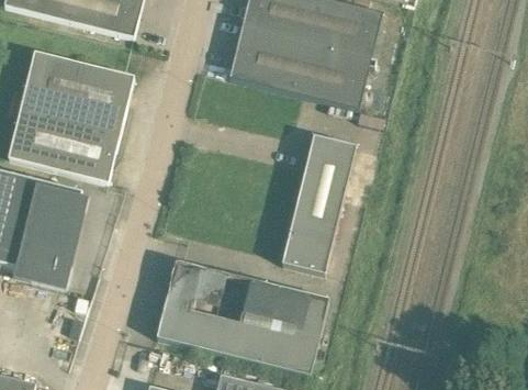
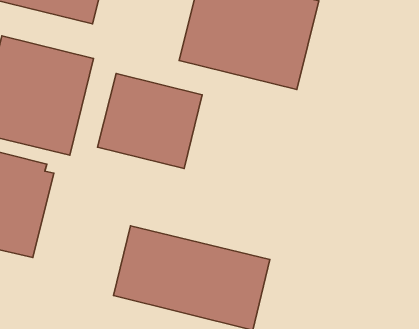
building: none -> [97,74,202,169]
building: [282,133,356,272] -> none

